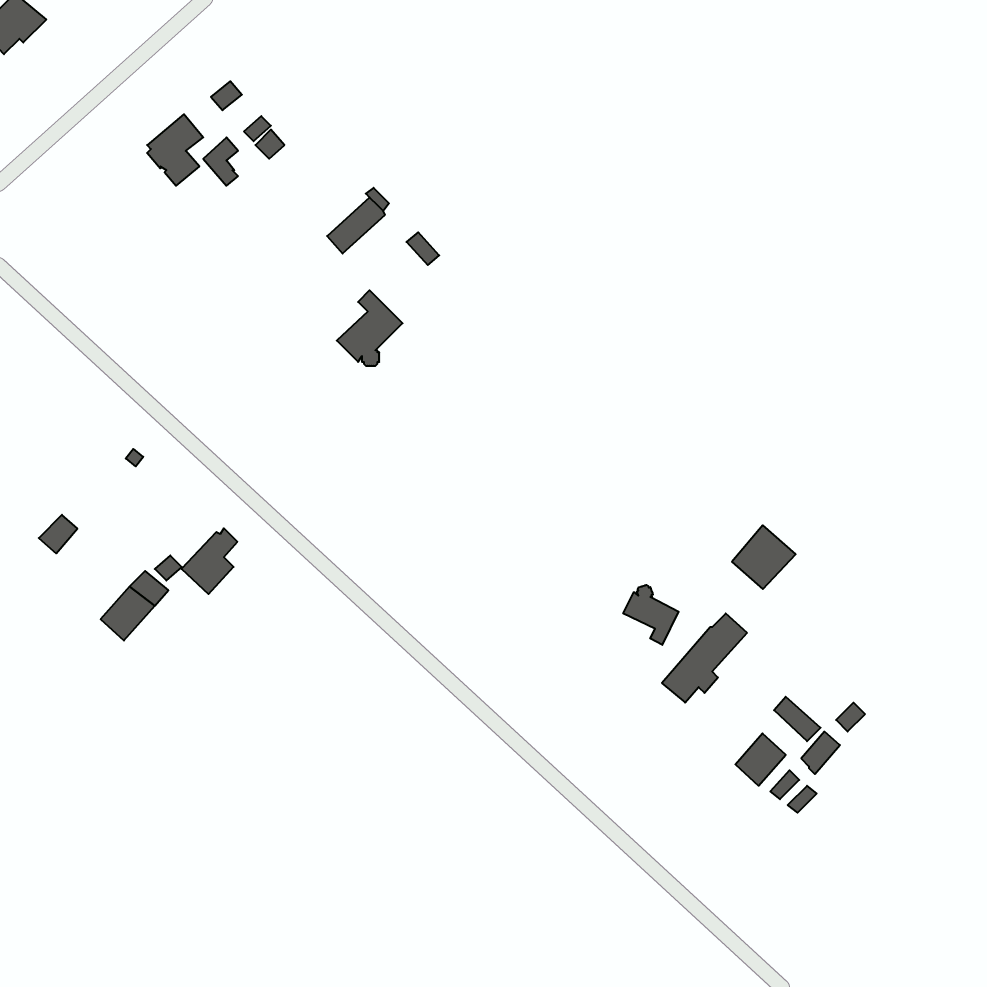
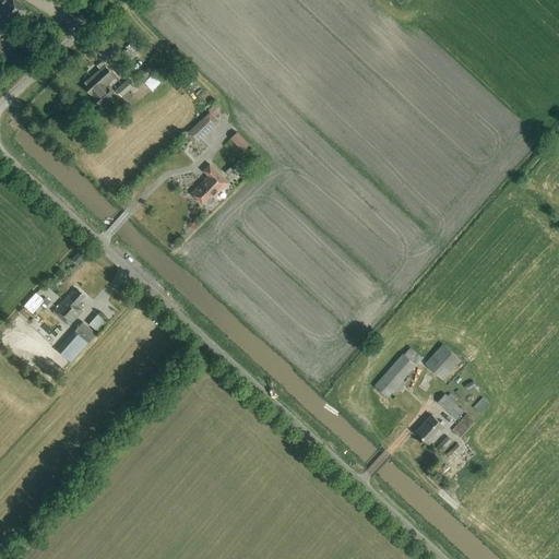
building: [732,525,796,589] -> [424,343,460,379]
building: [181,528,237,594] -> [52,288,84,325]
building: [623,585,679,645] -> none

